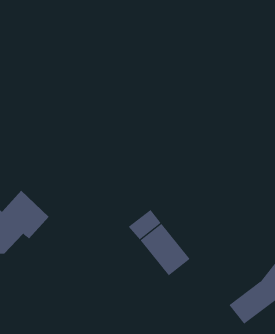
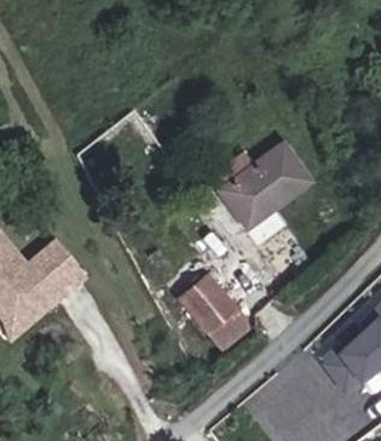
building: none -> [225,144,312,228]

